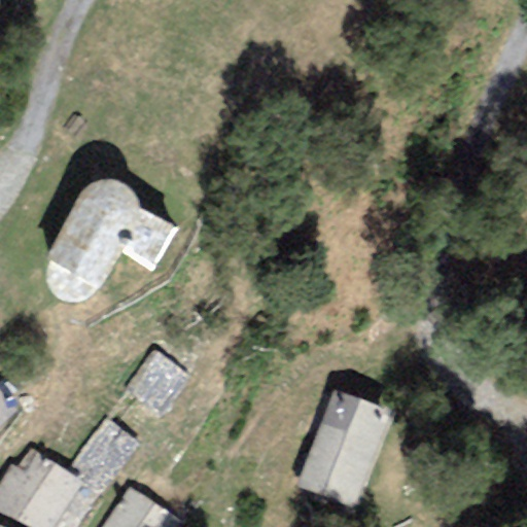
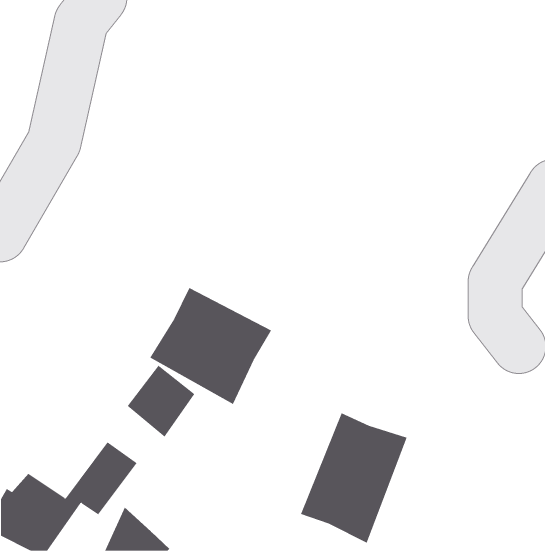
building: [44,183,161,289] -> none
building: none -> [150,287,272,405]

